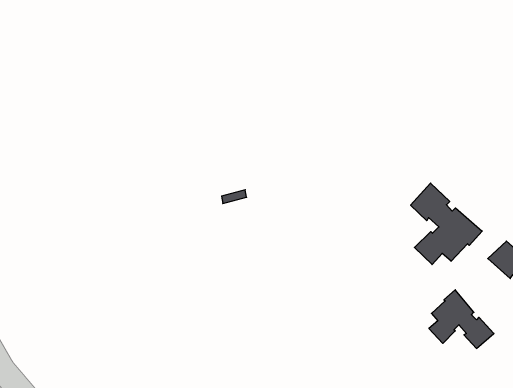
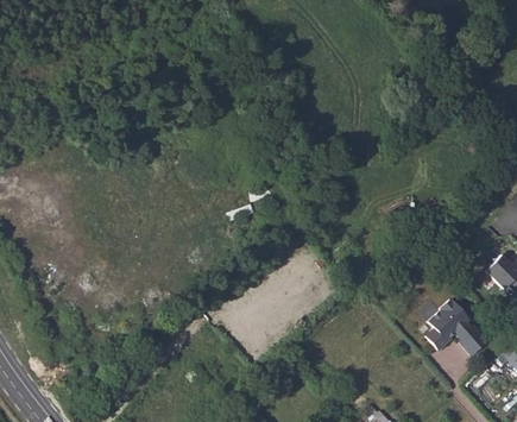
building: [411,183,482,265] -> none

